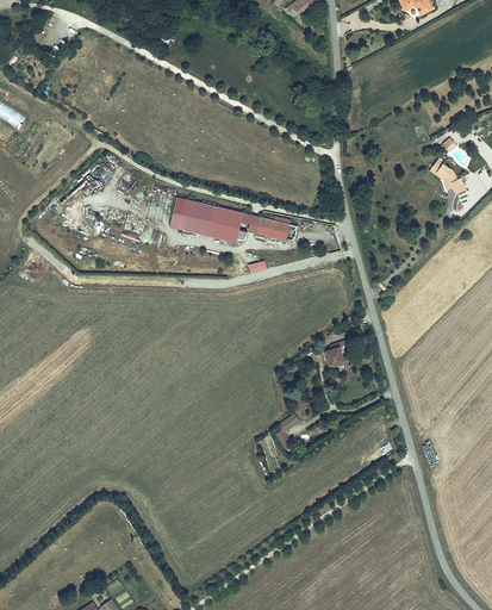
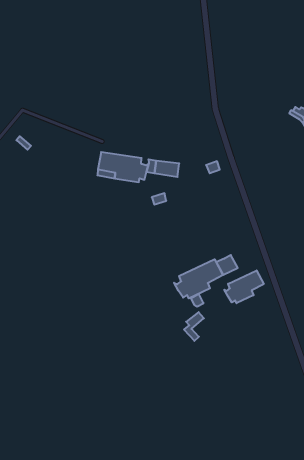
building: none -> [174,259,223,298]
building: none -> [224,270,264,303]

